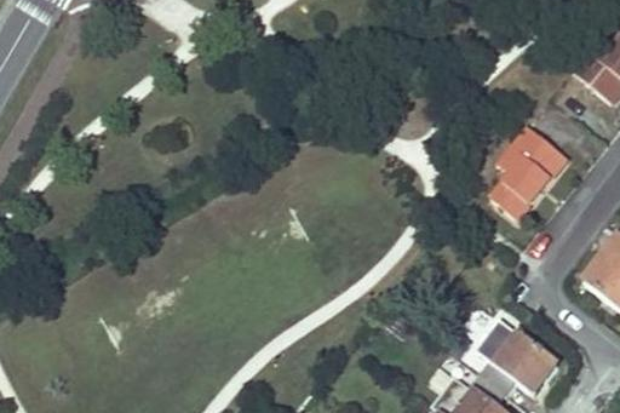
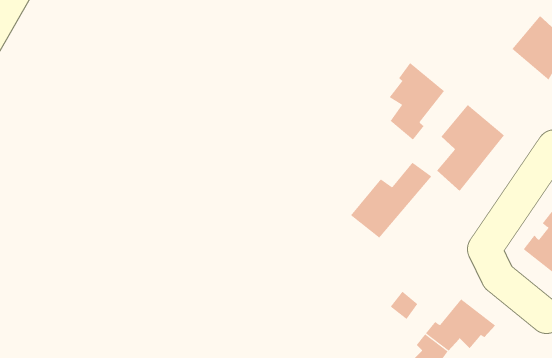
building: none -> [389,62,445,141]
building: none -> [350,162,432,239]

